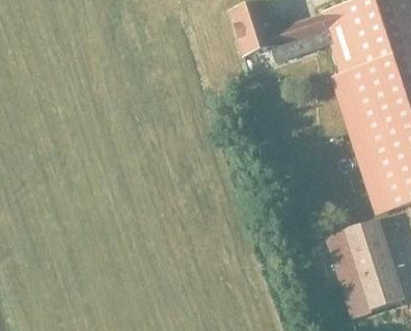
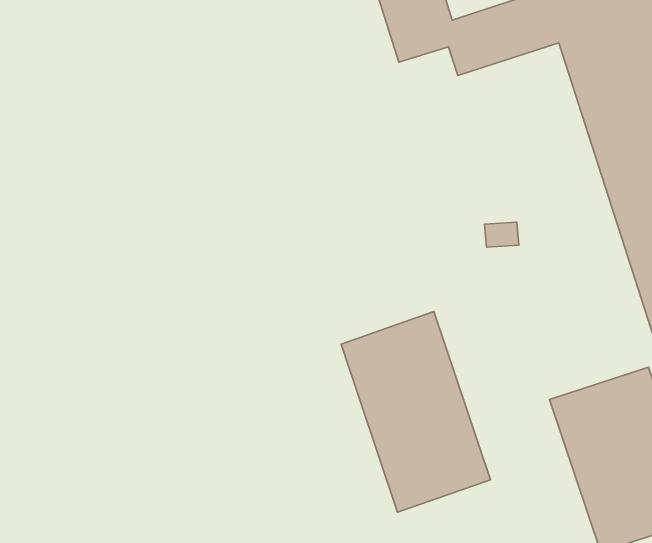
building: none -> [341,312,490,512]

